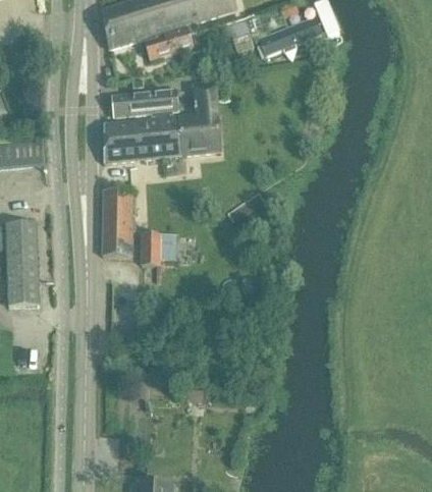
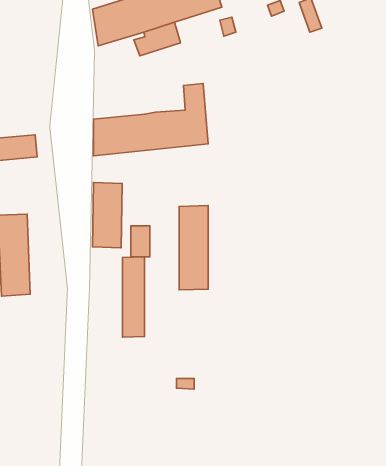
building: [258,16,321,54] -> none
building: [113,90,179,119] -> none
building: none -> [179,206,208,290]
building: none -> [122,257,144,337]

